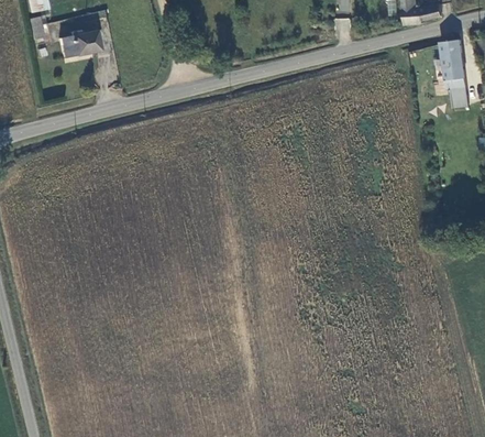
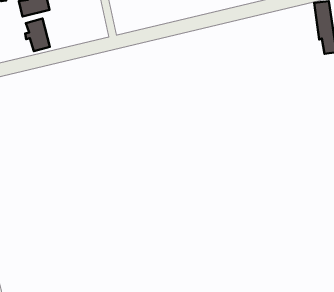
building: none -> [25,19,50,51]

